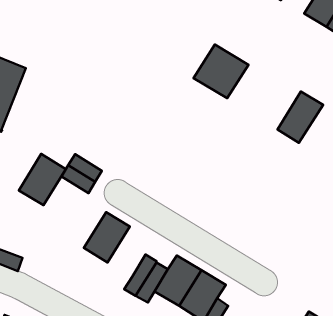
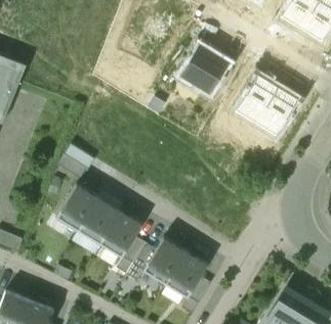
building: none -> [234,74,277,122]
building: [19,154,66,205] -> [55,183,98,230]
building: none -> [99,211,142,257]

